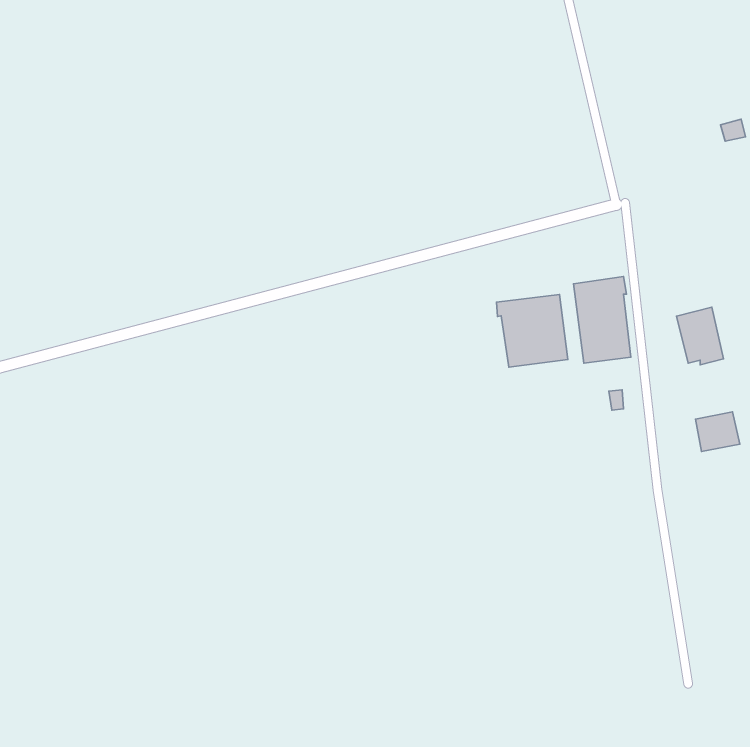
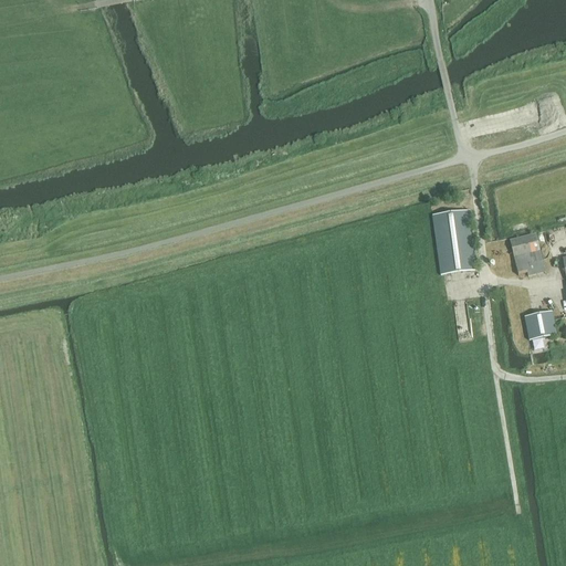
building: [497,295,568,367] -> none

